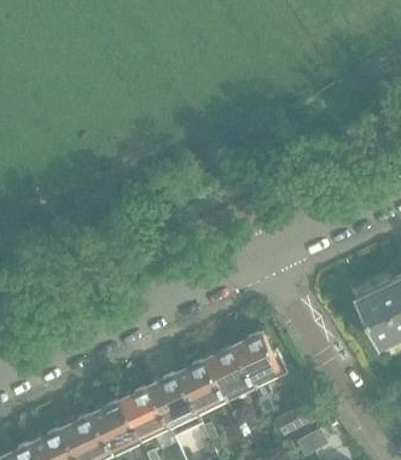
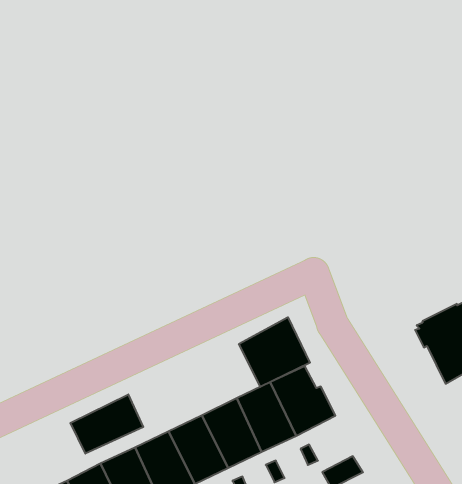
building: none -> [239,317,310,387]
building: none -> [70,394,143,454]

